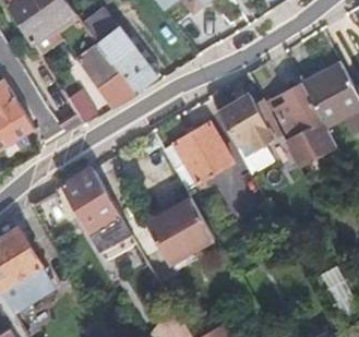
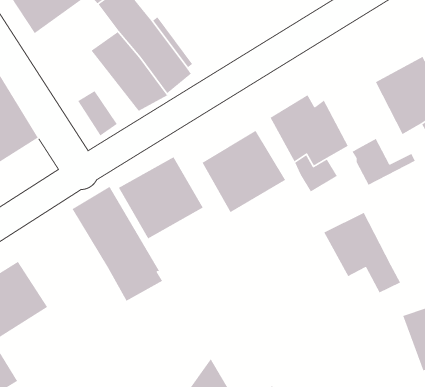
building: [270,84,332,149] -> [323,212,401,294]
building: [145,197,214,264] -> [118,156,204,239]

